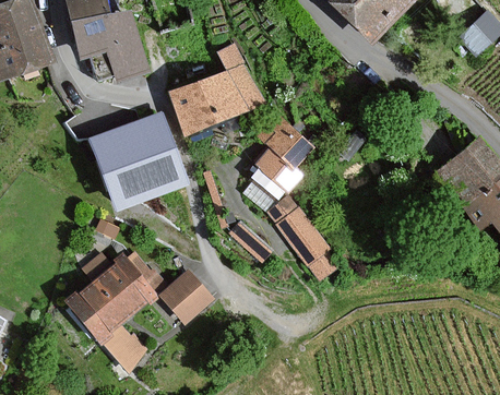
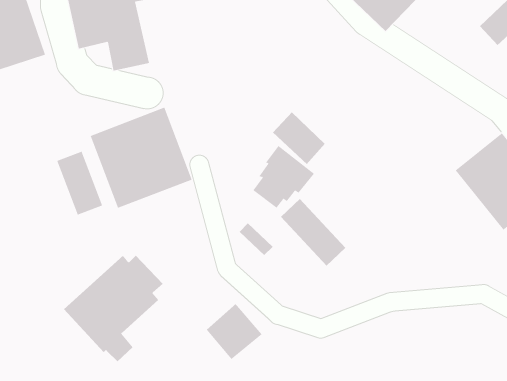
building: [169,43,263,134] -> none
building: none -> [56,151,103,215]
building: [160,270,214,323] -> [206,303,262,360]

